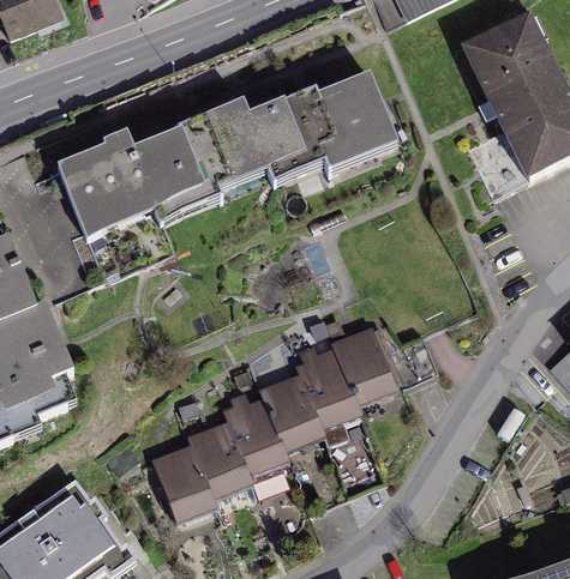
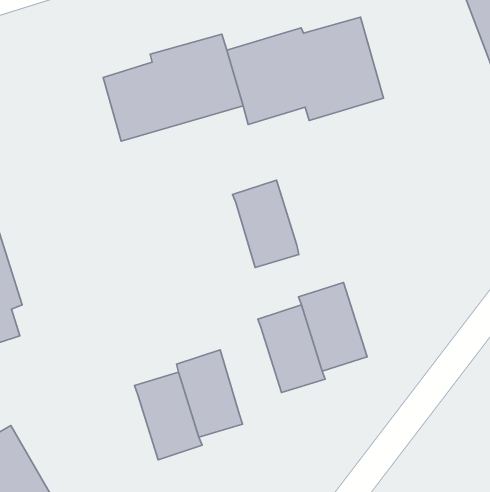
building: [54,131,155,236] -> none
building: [259,369,325,452] -> [233,180,299,268]
building: [150,441,216,523] -> none

